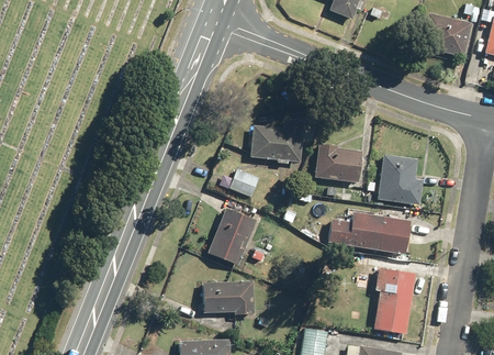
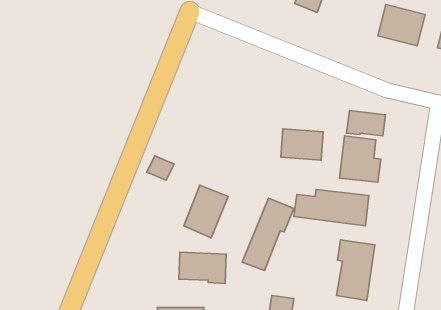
building: [250,124,305,162] -> none
building: none -> [346,110,386,136]
building: [229,169,259,196] -> [147,156,174,180]
building: none -> [242,198,294,271]

